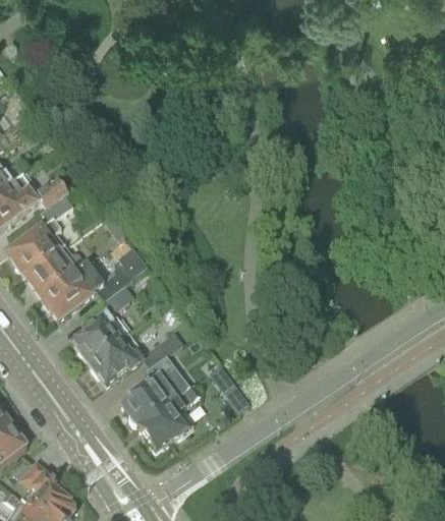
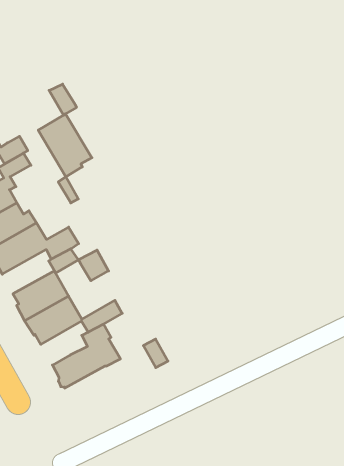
building: none -> [38,84,92,177]
building: [114,247,146,279] -> [78,250,109,281]
building: [134,385,199,450] -> none

